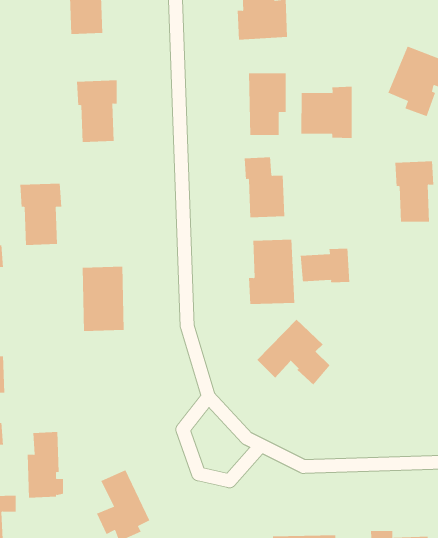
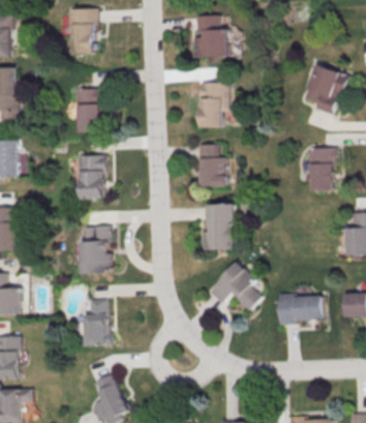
building: [301,86,352,139] -> none
building: [19,183,62,246] -> [77,155,108,201]
building: [300,248,350,283] -> none
building: none -> [277,294,322,325]
building: [27,431,64,498] -> [85,299,112,348]

